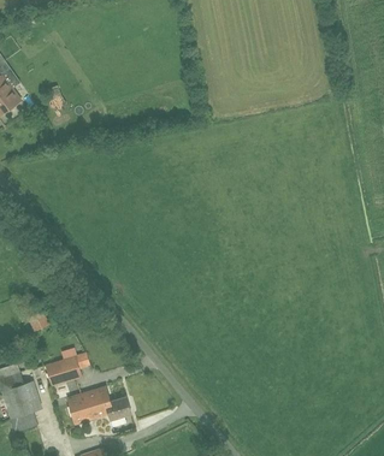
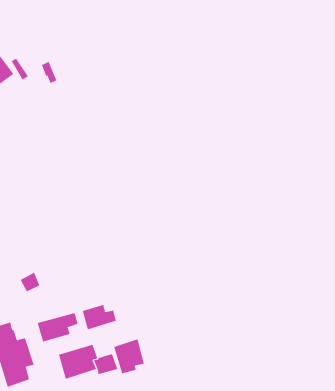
building: none -> [82,304,116,330]
building: none -> [113,339,145,374]

